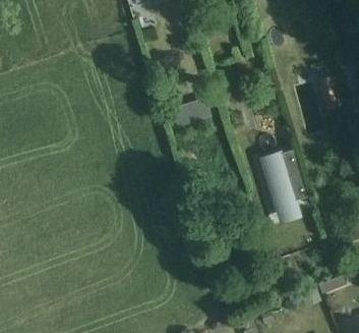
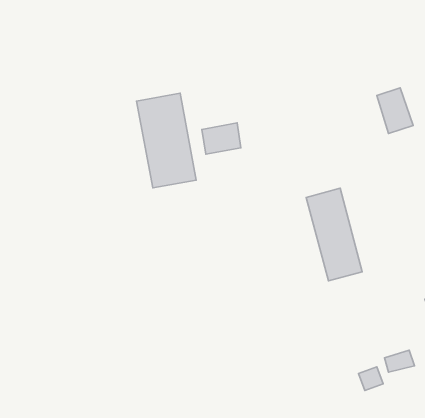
building: none -> [137,93,196,188]

